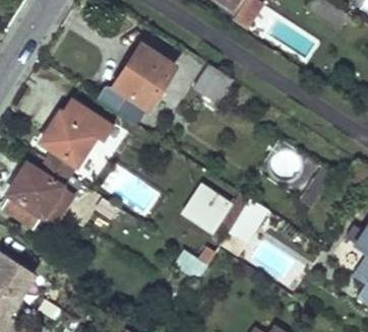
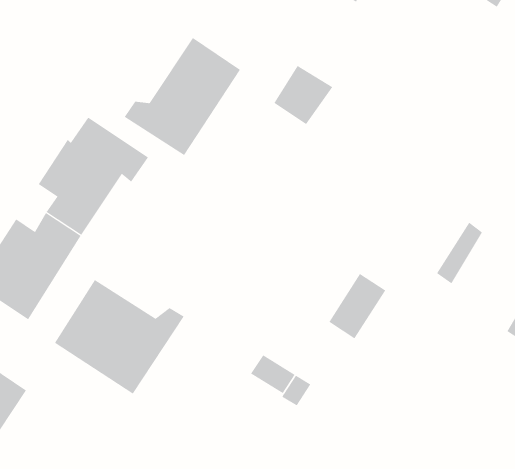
building: [185,186,229,225] -> none
building: none -> [54,279,184,394]

